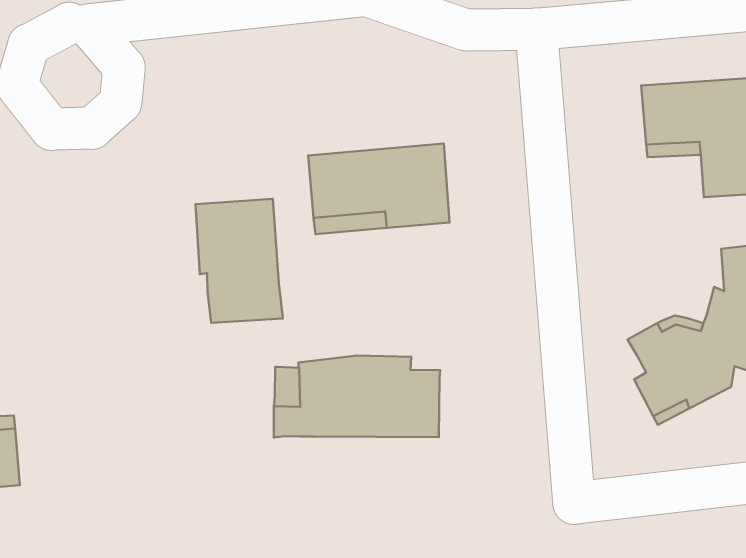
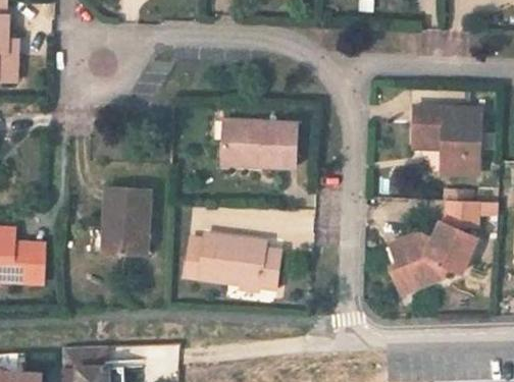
building: [196,199,283,323] -> [106,186,151,255]

